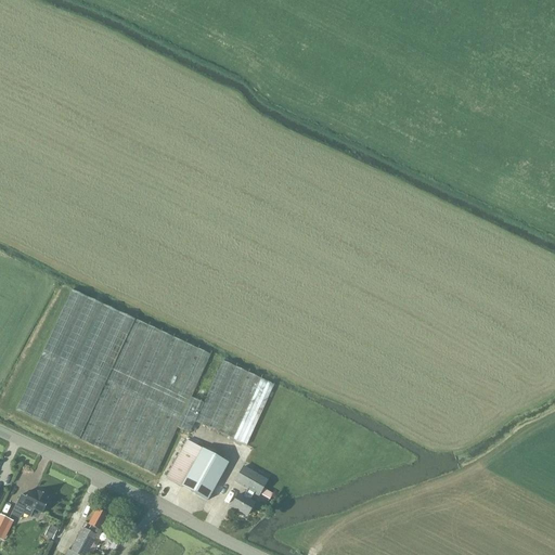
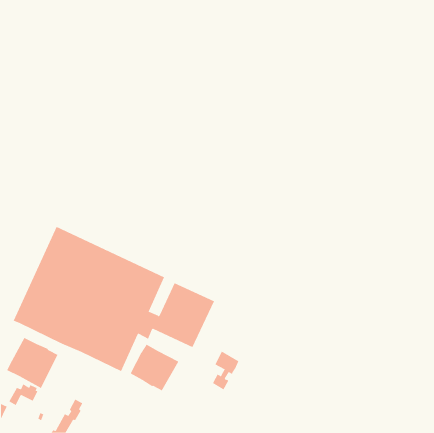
building: none -> [7,337,58,389]
building: [232,464,267,514] -> [212,351,239,390]

